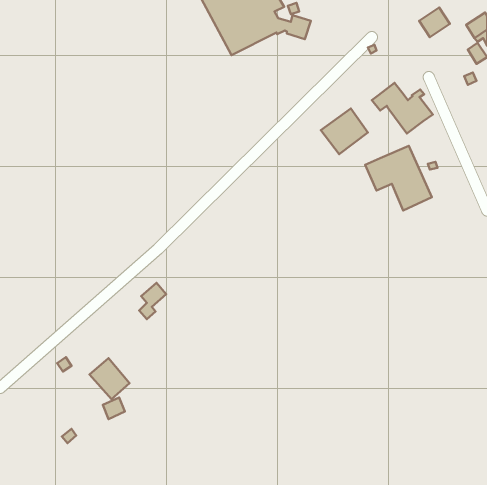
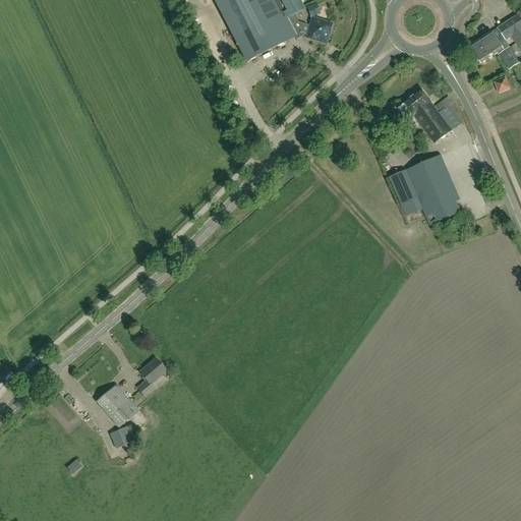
building: [419,8,450,37] -> [470,31,503,62]
building: [321,109,368,154] -> none
building: [139,283,166,319] -> [137,357,166,396]

